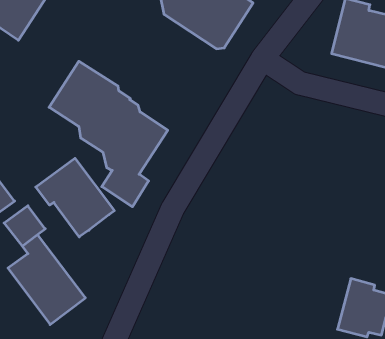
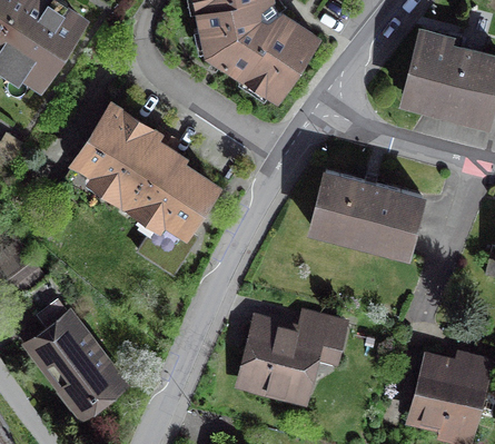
building: none -> [311,172,422,254]
building: [36,158,114,237] -> none
building: none -> [245,315,345,397]

